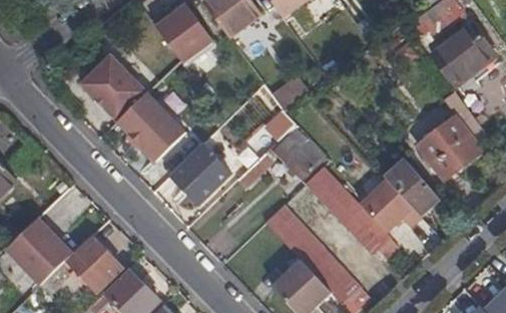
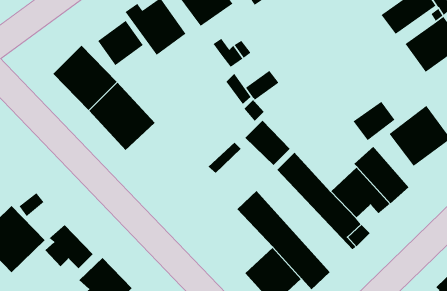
building: none -> [97,20,144,66]
building: none -> [353,101,395,141]
building: [170,144,228,204] -> none

